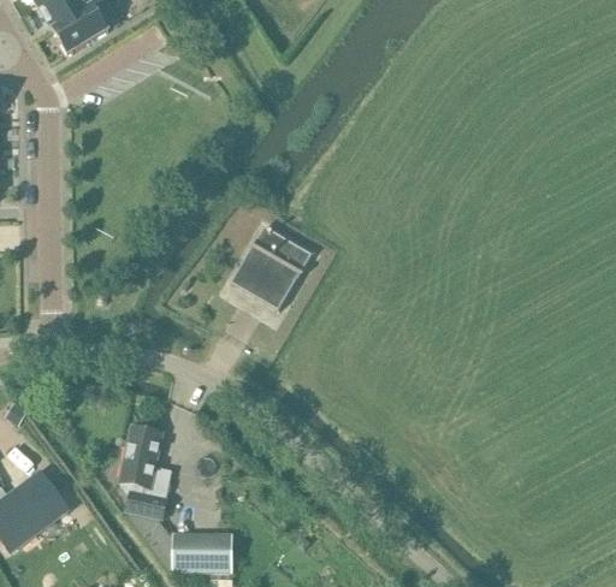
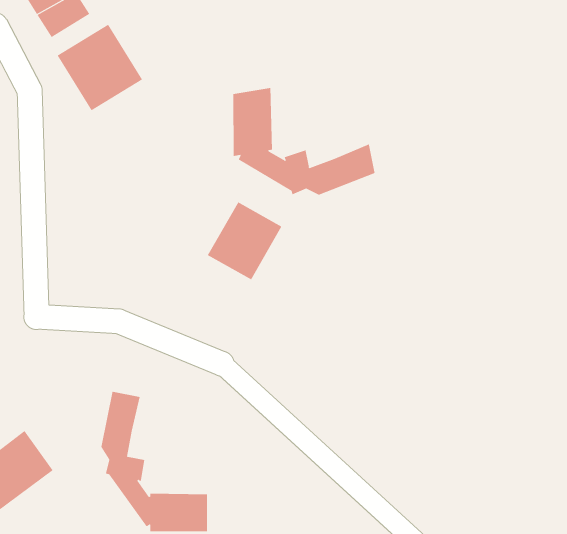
building: none -> [57,24,143,111]
building: none -> [233,87,375,196]

